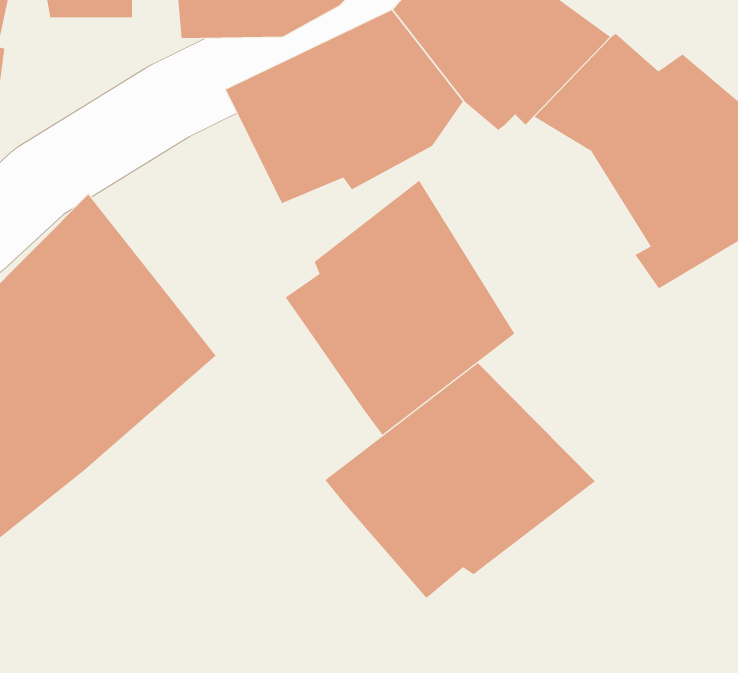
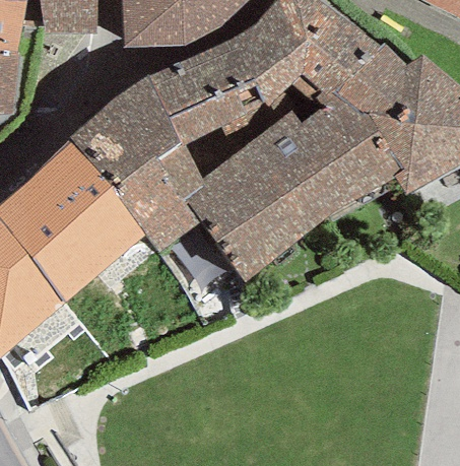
building: none -> [68,76,205,251]
building: none -> [265,91,402,221]
building: [325,362,596,599] -> none

